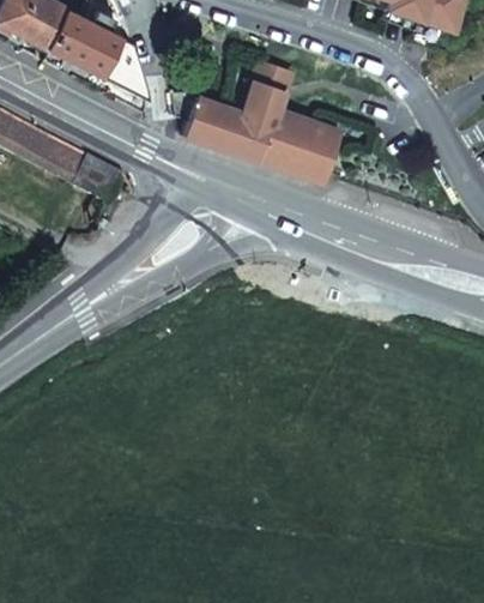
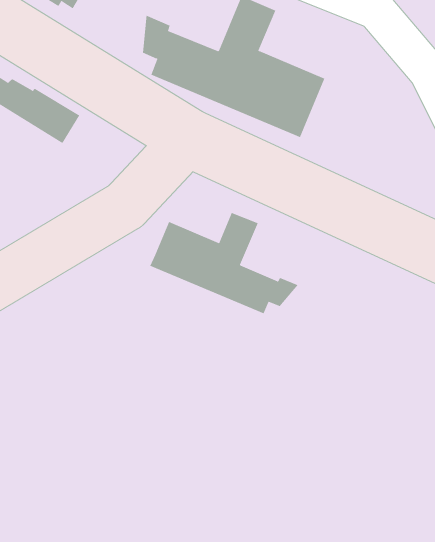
building: none -> [150,212,299,314]

